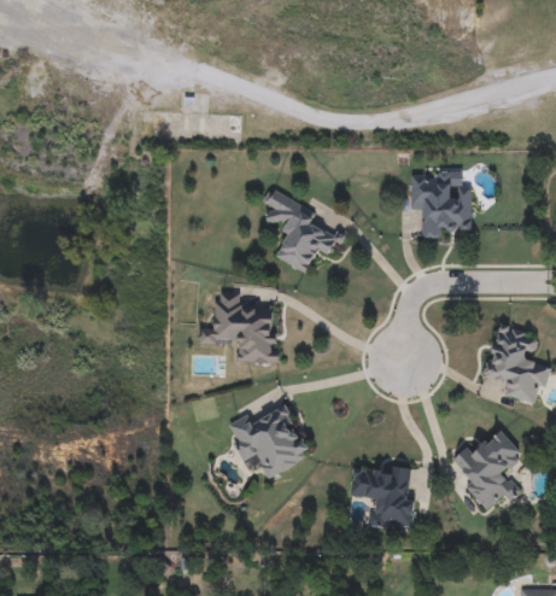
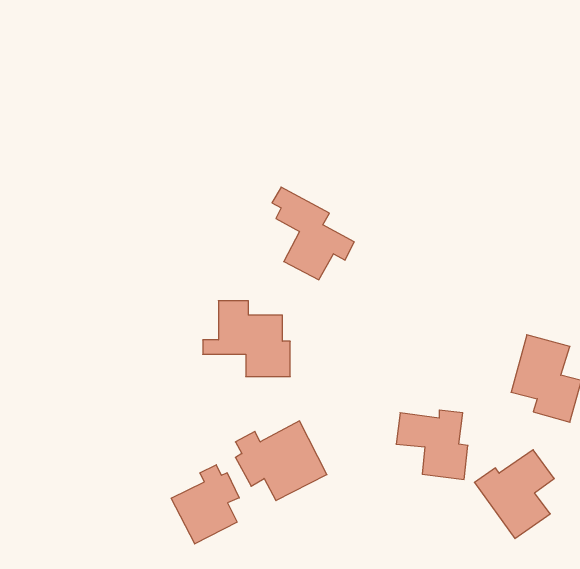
building: [409,170,470,238] -> none
building: none -> [171,465,239,544]
building: [349,464,415,528] -> [396,410,468,479]

